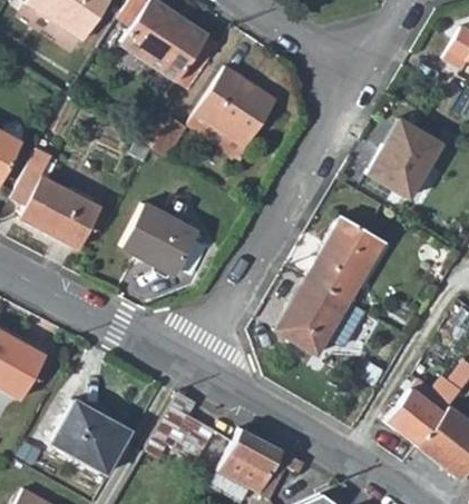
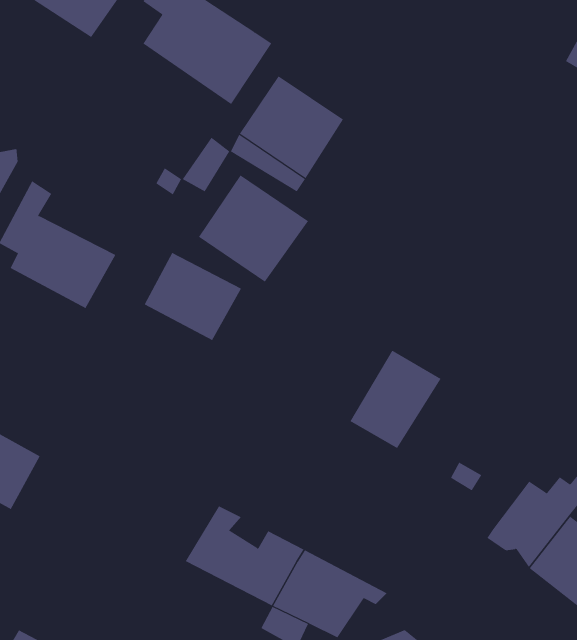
building: [368,117,443,197] -> none
building: none -> [198,175,309,283]
building: [309,217,385,300] -> none
building: [49,404,128,478] -> none

